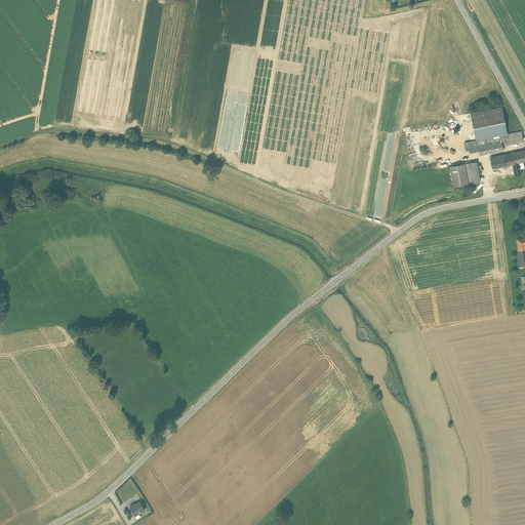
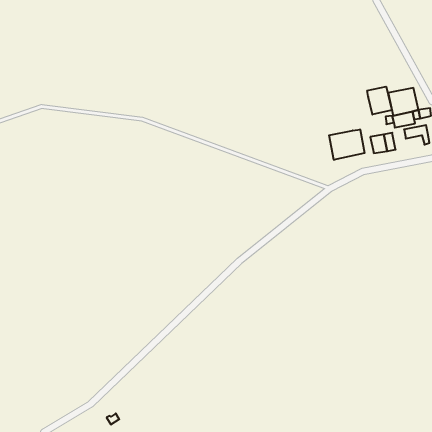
building: none -> [367,87,392,115]
building: none -> [329,129,365,160]

